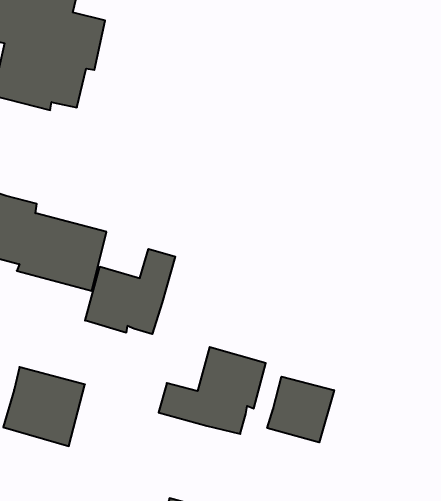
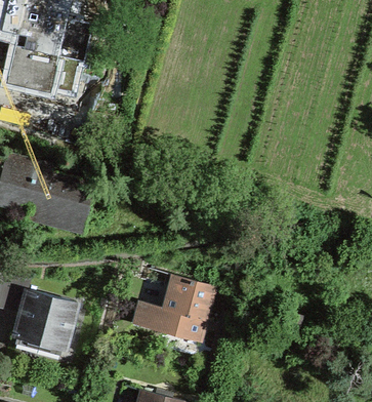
building: [85,249,175,334] -> none
building: [267,377,334,442] -> none

